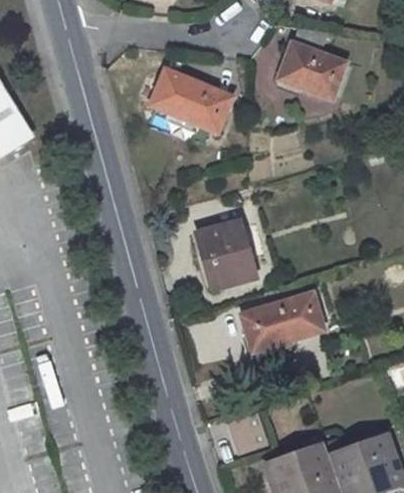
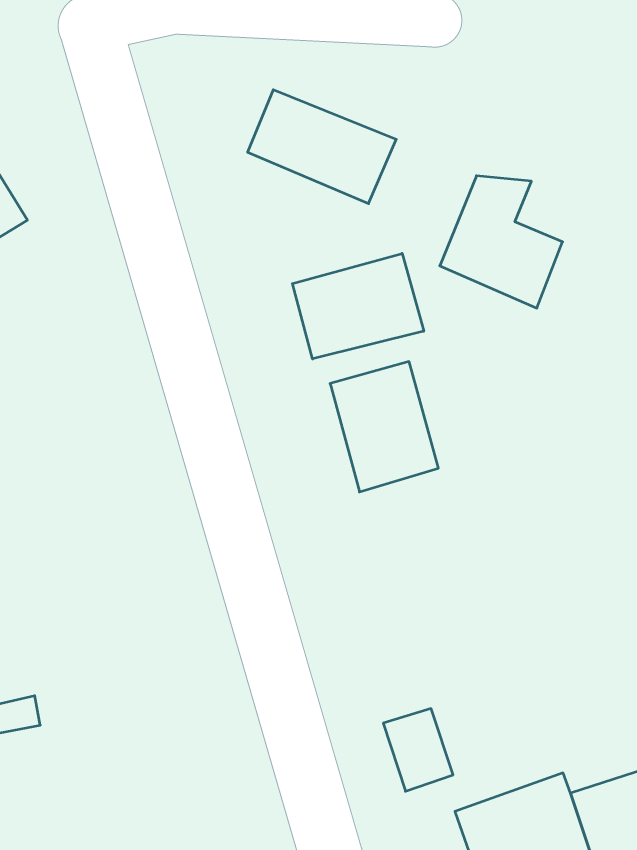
building: [279,27,347,99] -> [440,176,563,308]
building: none -> [292,253,424,359]
building: [241,292,325,350] -> none

